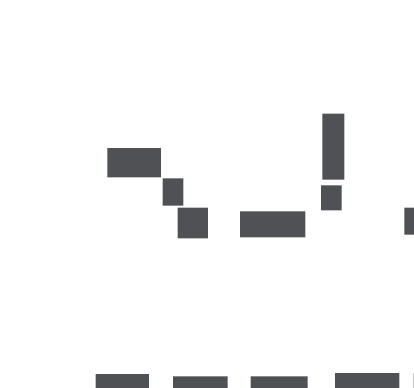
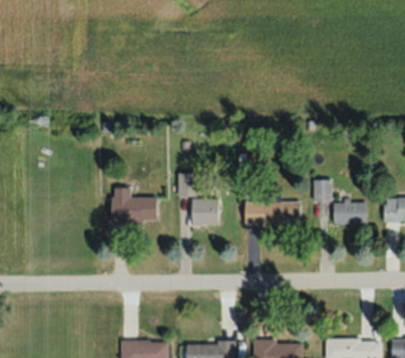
building: [322,113,345,181] -> none
building: [107,147,162,178] -> [110,197,157,223]
building: none -> [333,202,367,224]

